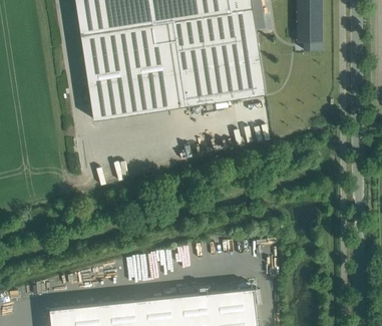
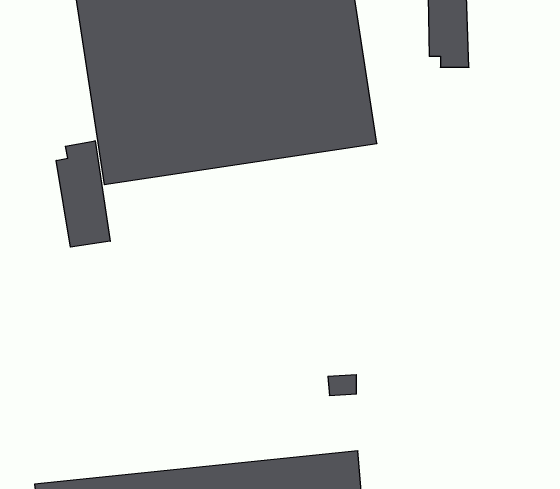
building: none -> [56,141,110,247]

